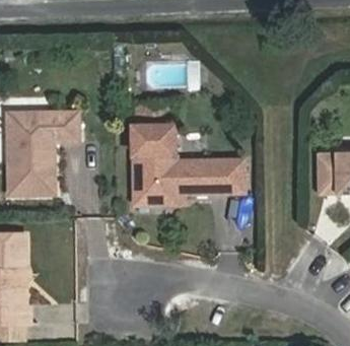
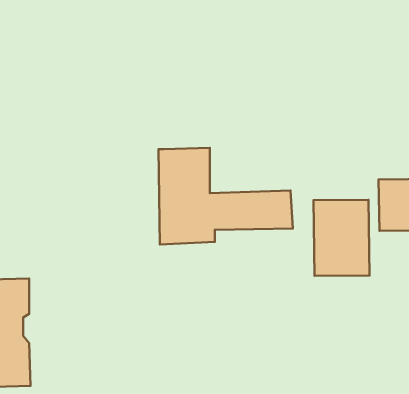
building: [6,110,78,195] -> none
building: none -> [314,200,369,276]

